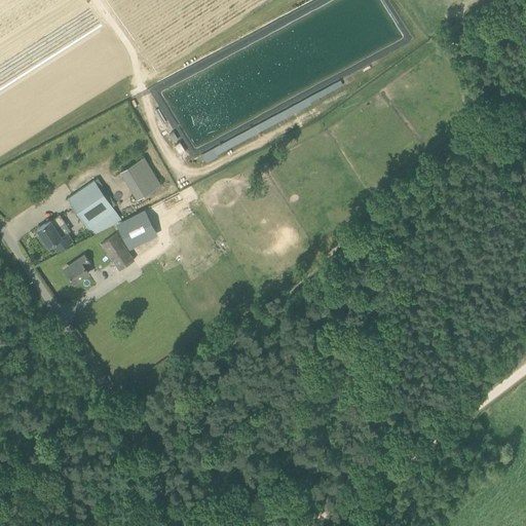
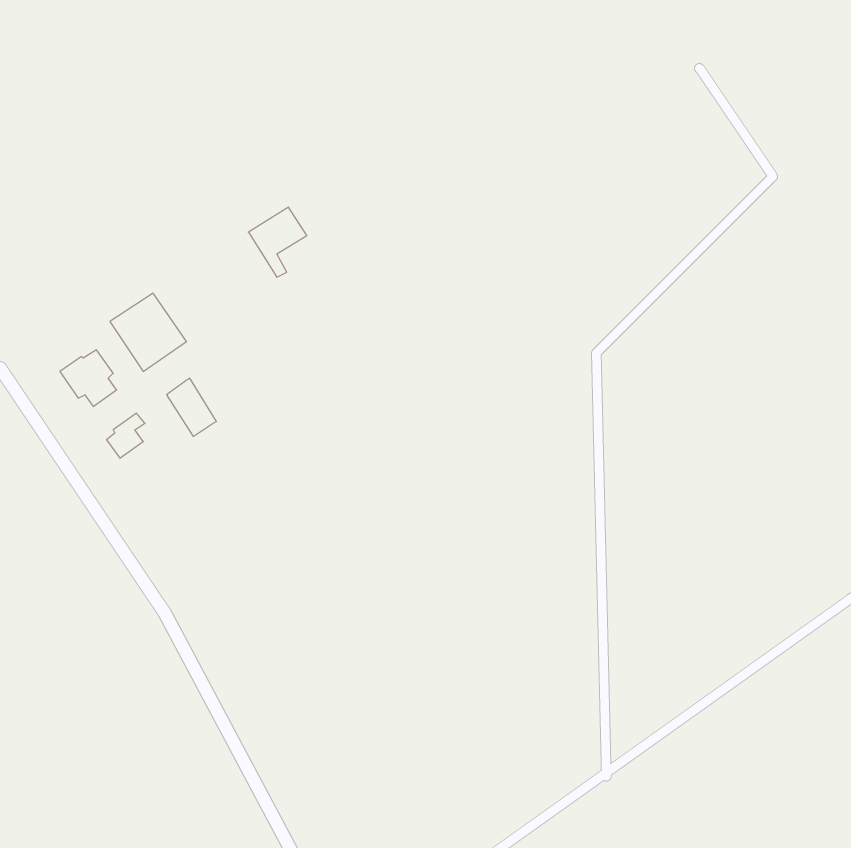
building: [120,157,156,200] -> [248,207,307,277]
building: [117,213,157,249] -> none

